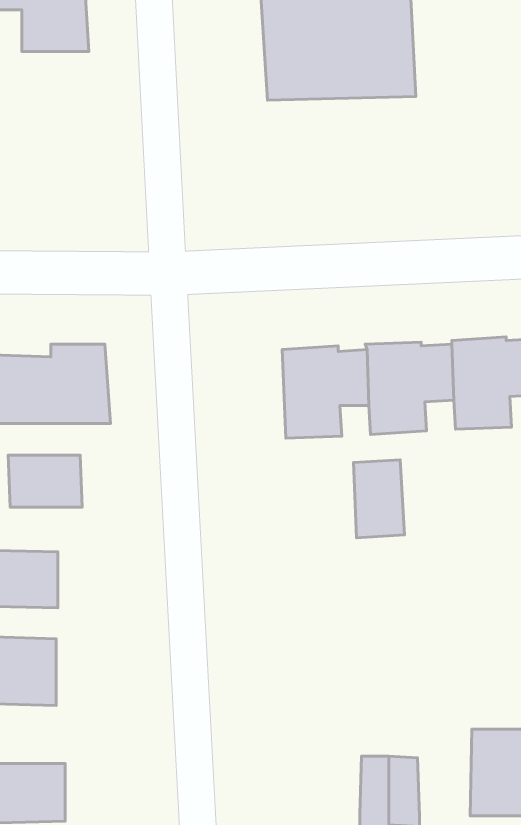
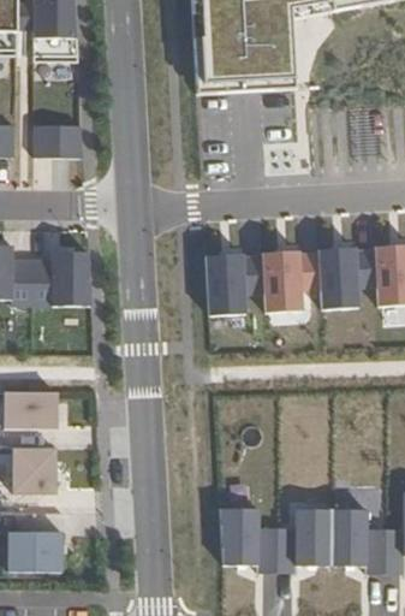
building: none -> [34,124,83,156]
building: [8,455,82,507] -> none
building: [354,460,405,538] -> none
building: none -> [219,507,258,564]
building: none -> [296,508,330,565]

